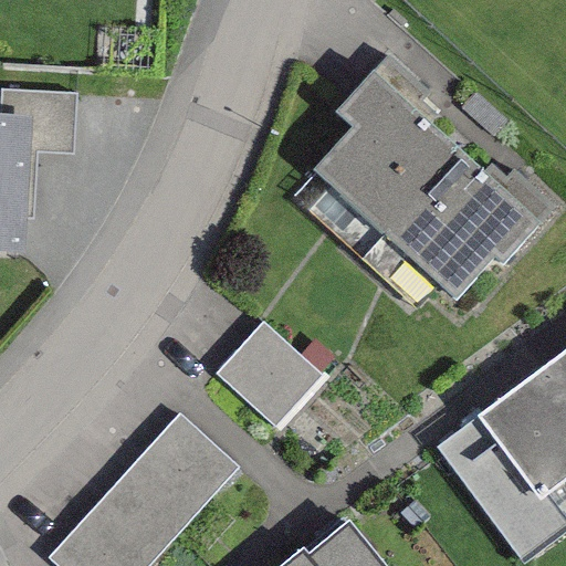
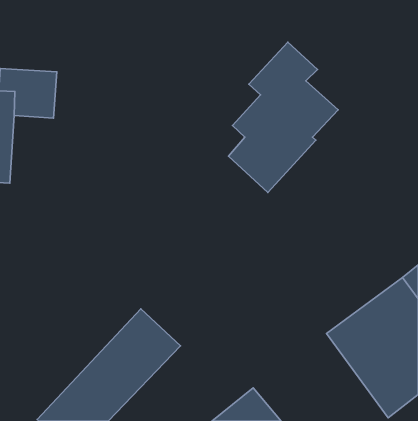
building: [359,147,552,307] -> none
building: [227,319,335,427] -> none

